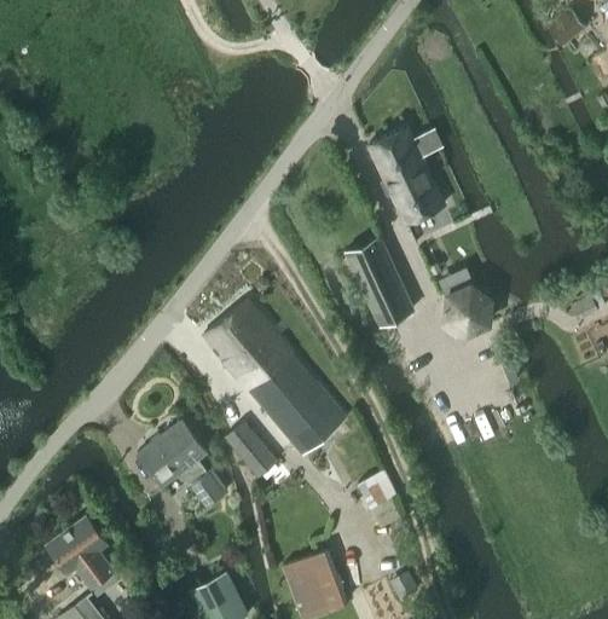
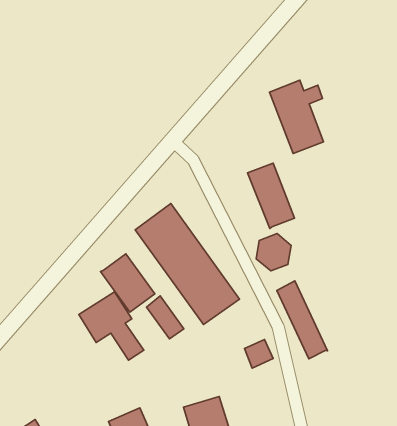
building: [446,284,491,334] -> [256,233,291,271]
building: none -> [101,254,155,312]
building: none -> [277,281,327,359]
building: [46,514,121,595] -> none

